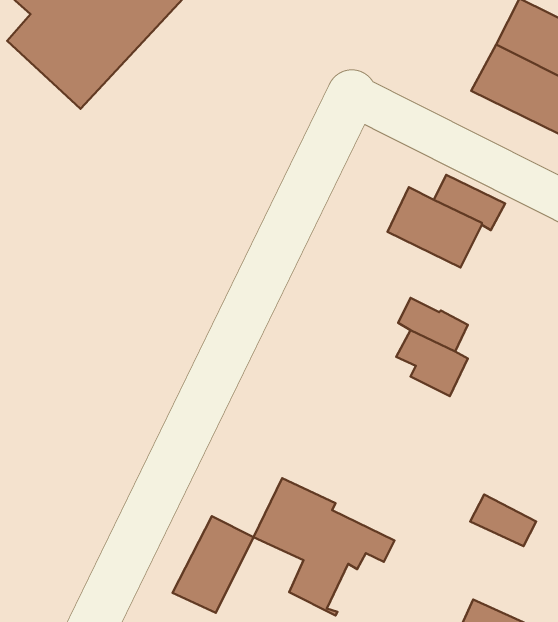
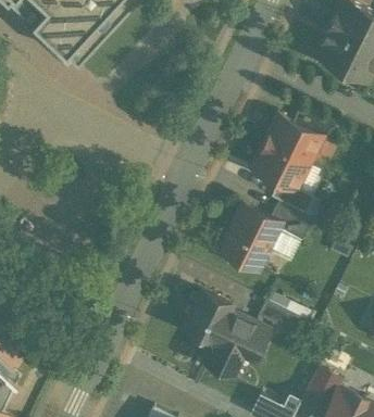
building: none -> [251,143,309,192]
building: none -> [220,205,282,271]
building: [470,495,536,546] -> [258,302,298,333]
building: [173,516,254,613] -> none

